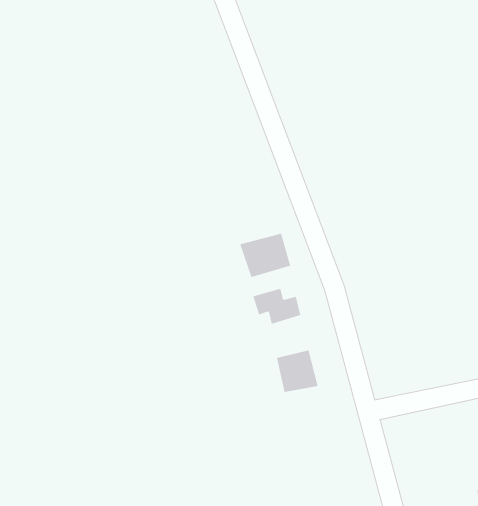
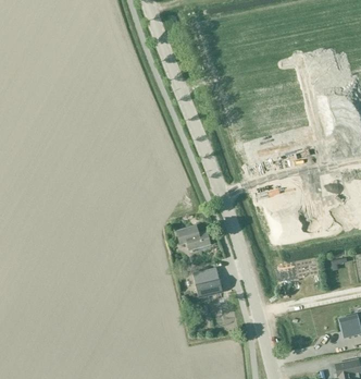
building: [239,233,291,278] -> none

